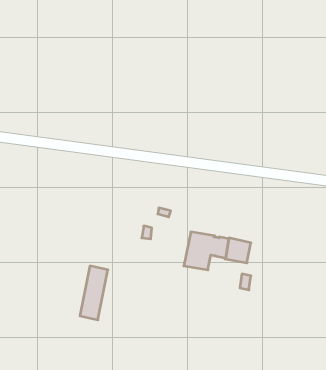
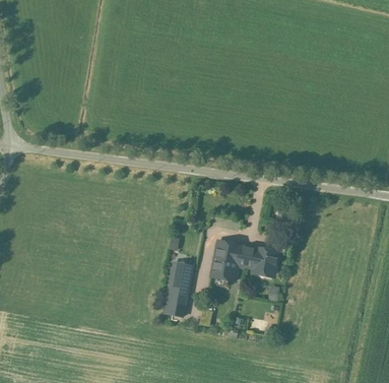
building: [80,266,108,320] -> [165,262,193,317]

